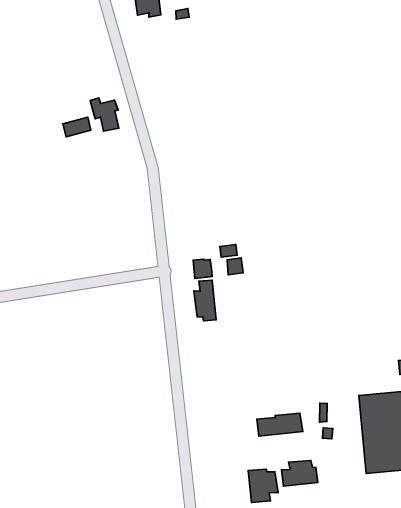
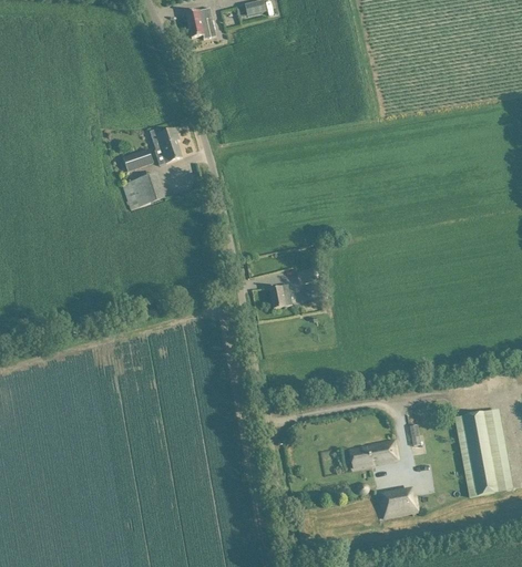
building: none -> [123,177,151,207]
building: [194,280,216,321] -> none
building: [248,469,278,503] -> none

